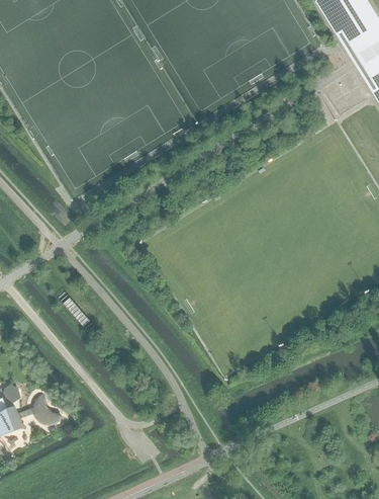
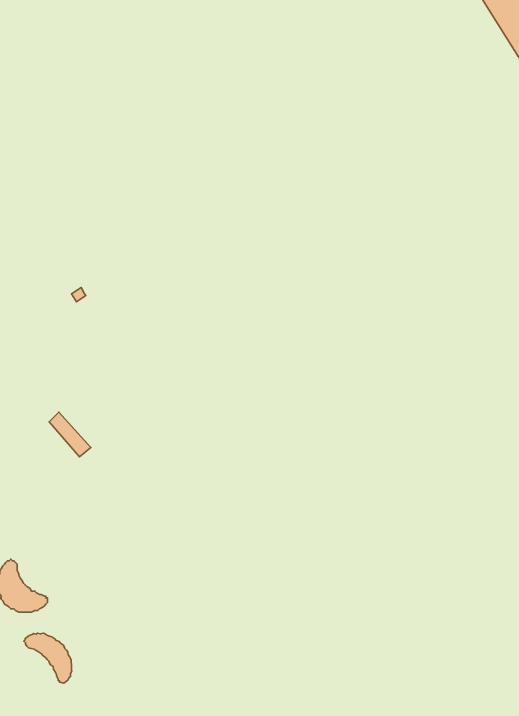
building: none -> [24,633,72,683]

